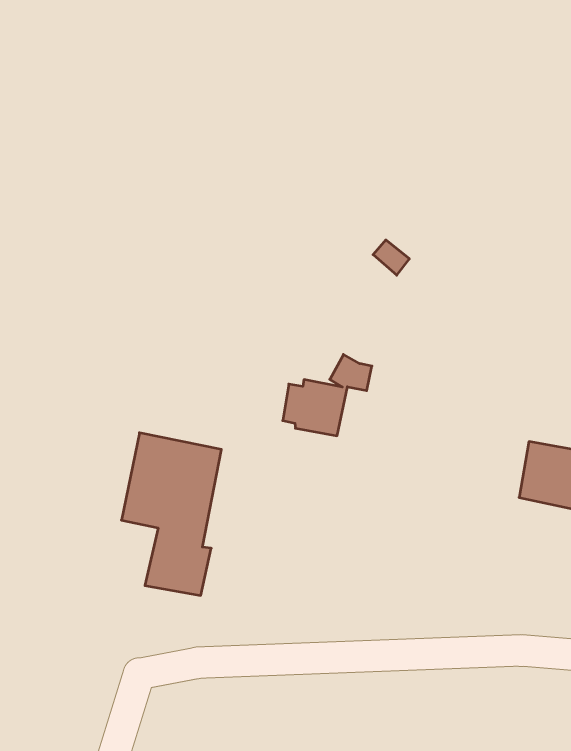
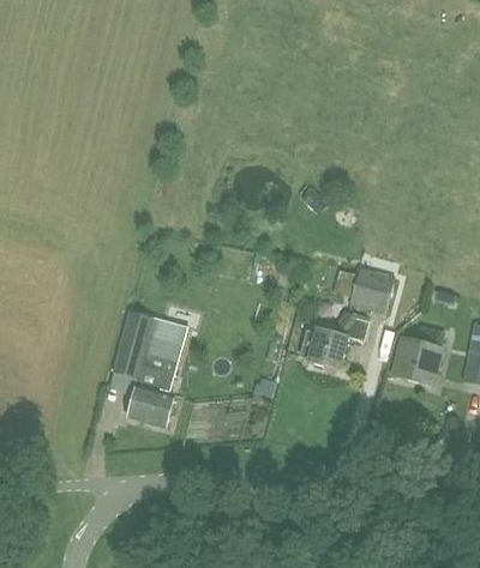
building: none -> [350,266,395,310]
building: [283,354,372,436] -> [301,312,366,368]

